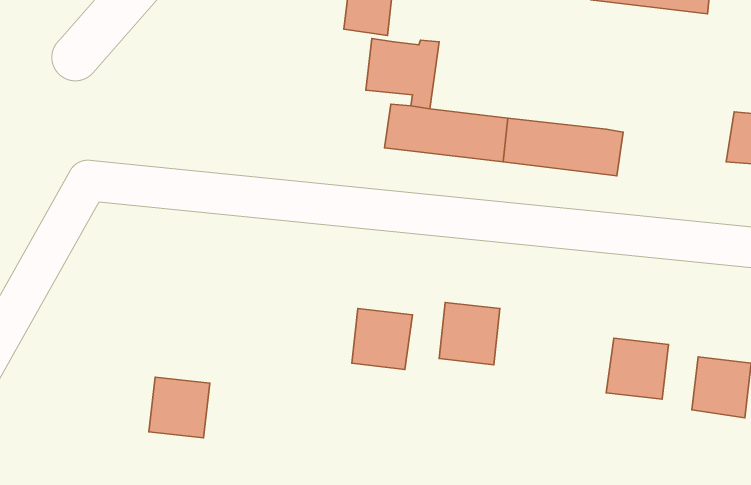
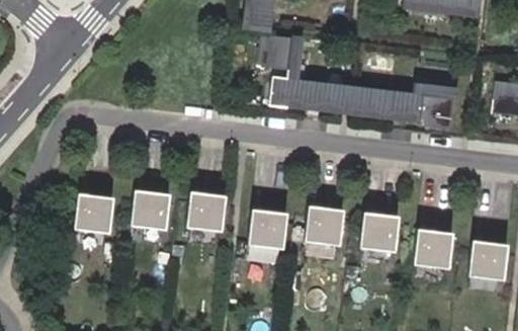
building: none -> [413,81,458,130]
building: none -> [186,190,226,231]
building: none -> [74,192,113,233]
building: none -> [359,212,399,252]
building: [149,377,210,438] -> [130,189,169,229]

